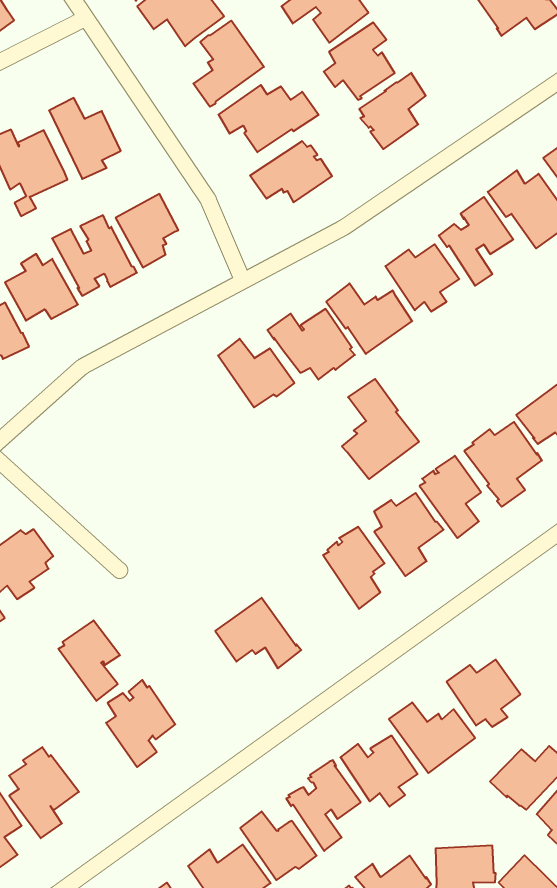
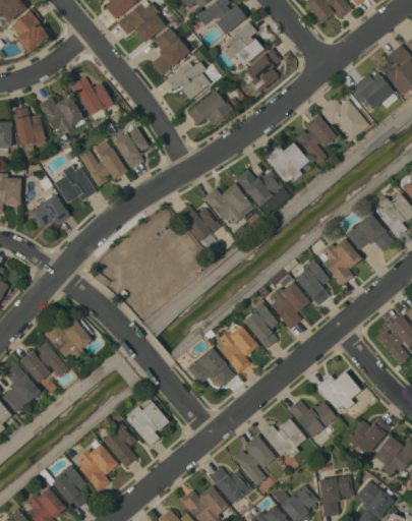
building: [342,379,419,479] -> none
building: none -> [216,323,258,373]
building: [58,620,120,701] -> [103,422,137,467]

